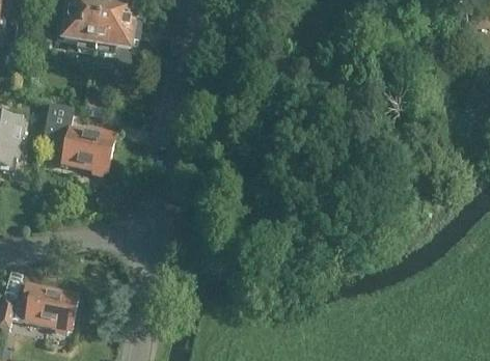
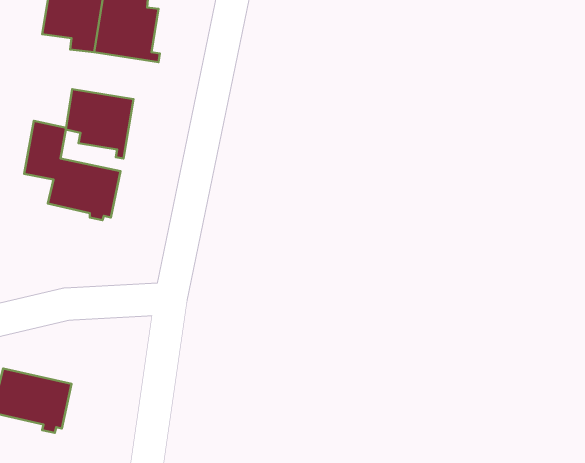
building: none -> [66,89,133,158]

